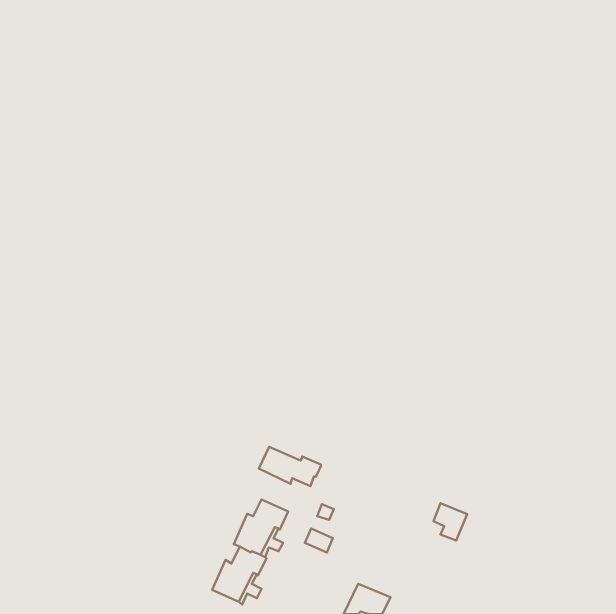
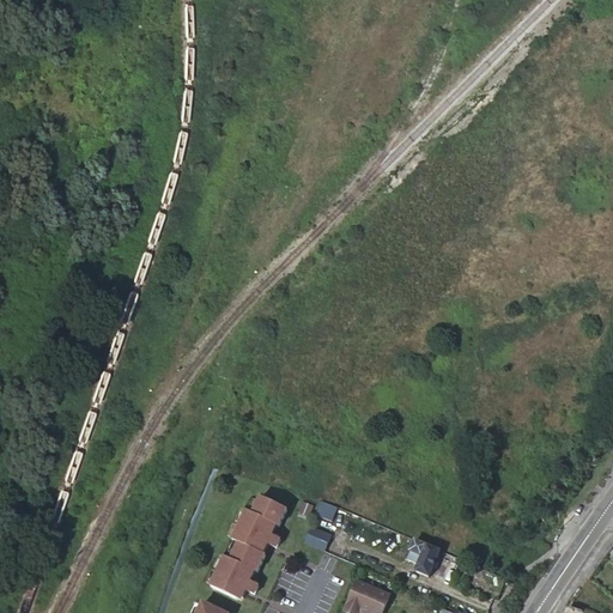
building: [259,447,321,486] -> none
building: [433,503,467,541] -> [405,538,438,575]

